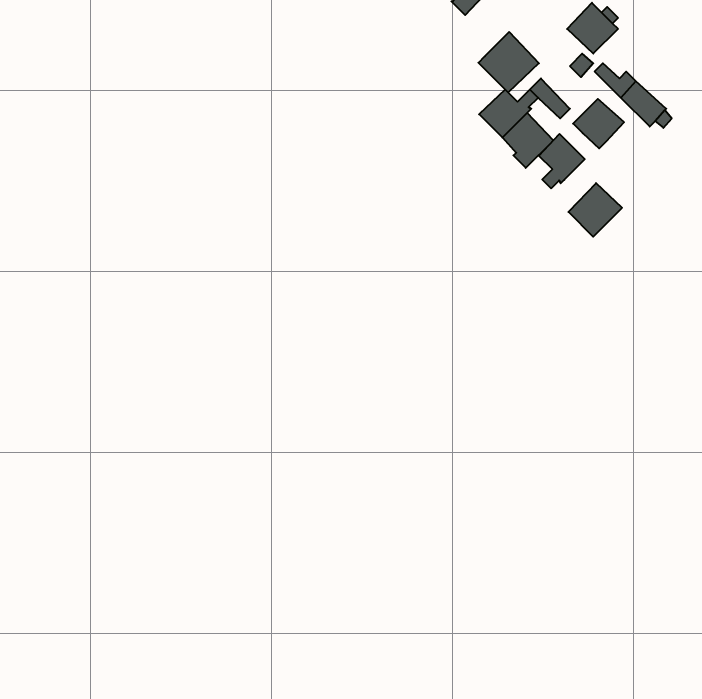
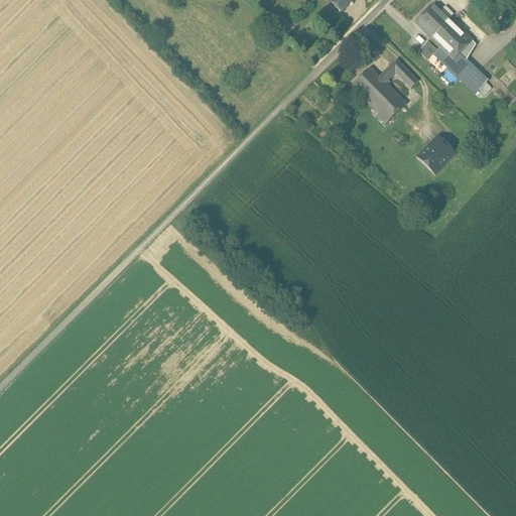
building: [478,32,539,92] -> none
building: [573,99,624,148] -> [434,21,472,57]
building: [539,134,585,188] -> none

